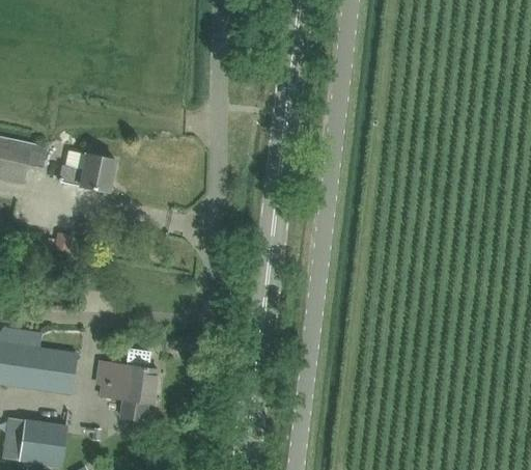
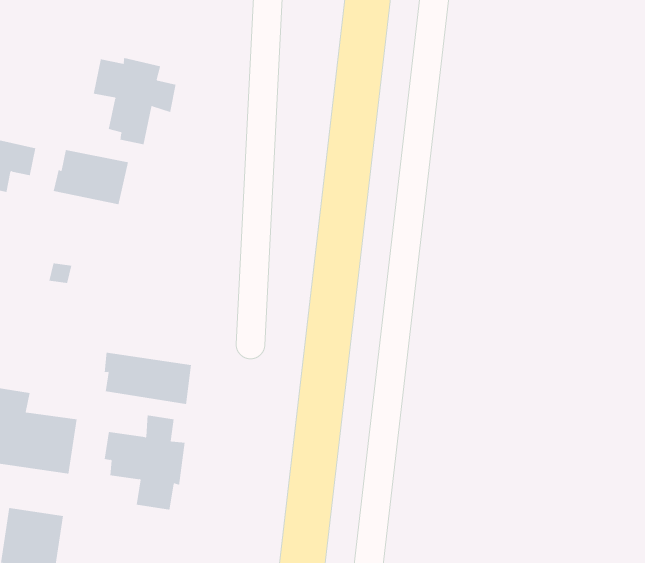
building: none -> [93,57,176,145]
building: none -> [104,352,191,405]

